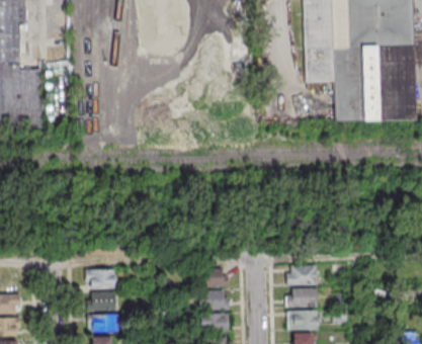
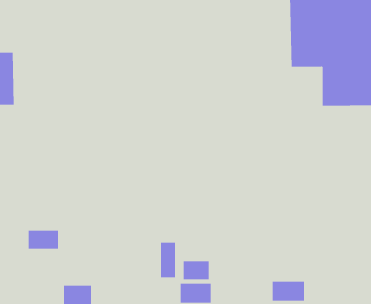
building: none -> [160,242,175,278]
building: [287,265,318,284] -> none
building: [86,270,115,288] -> [28,230,59,249]

